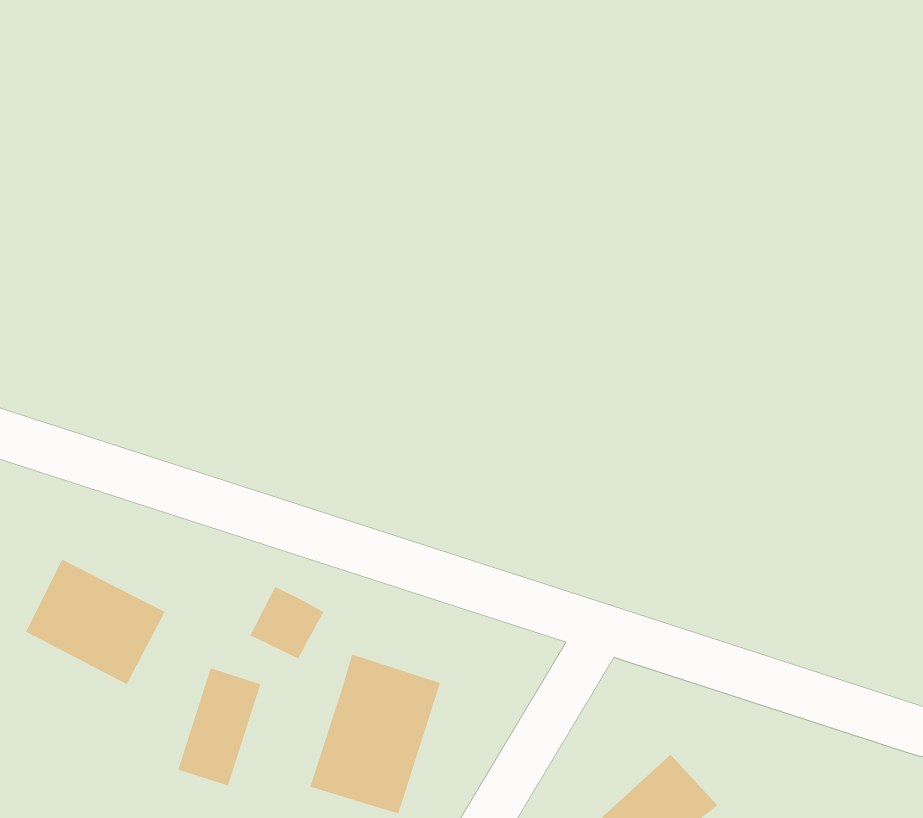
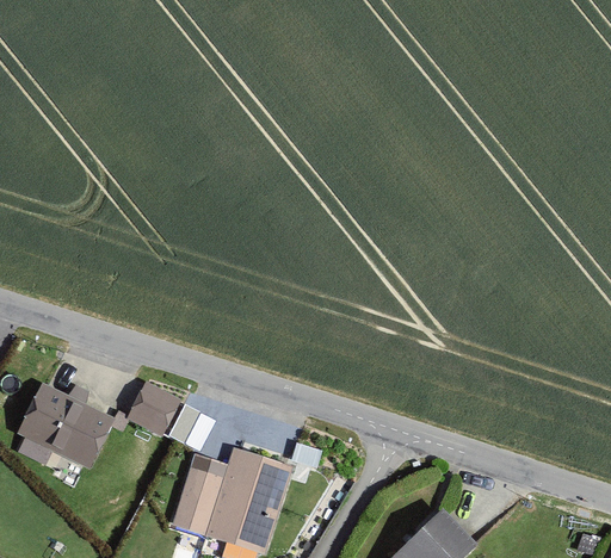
building: none -> [126,383,178,434]
building: [177,668,261,786] -> [172,457,227,534]

